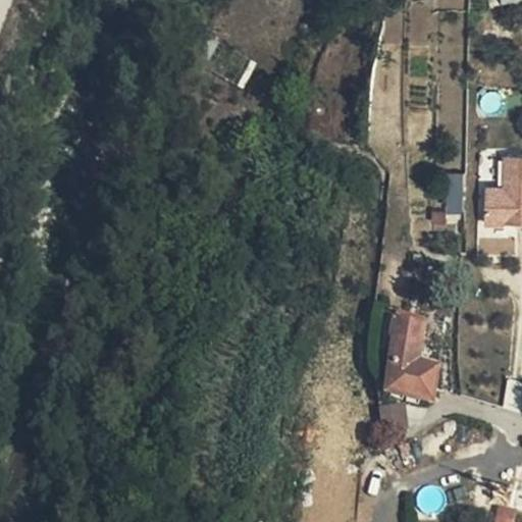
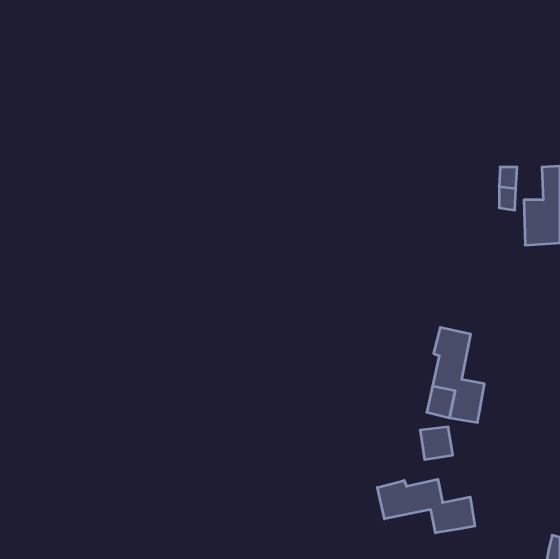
building: none -> [377,479,475,533]

